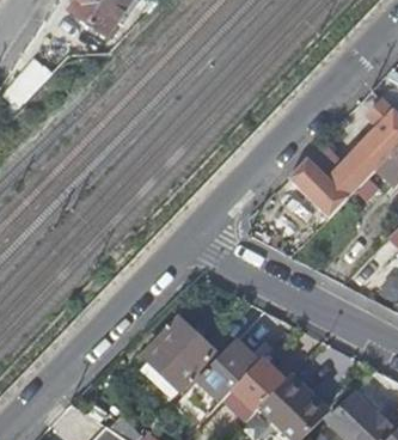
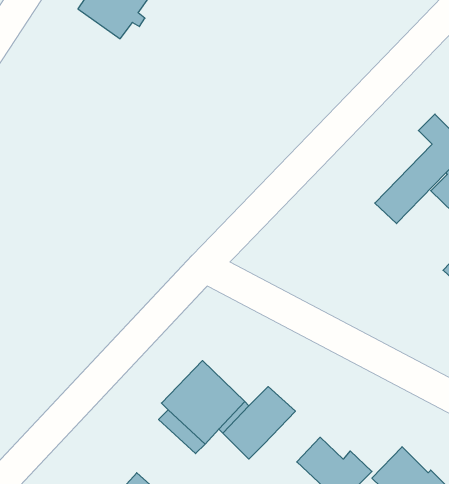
building: [290,159,348,216] -> none
building: [232,358,286,411] -> none

